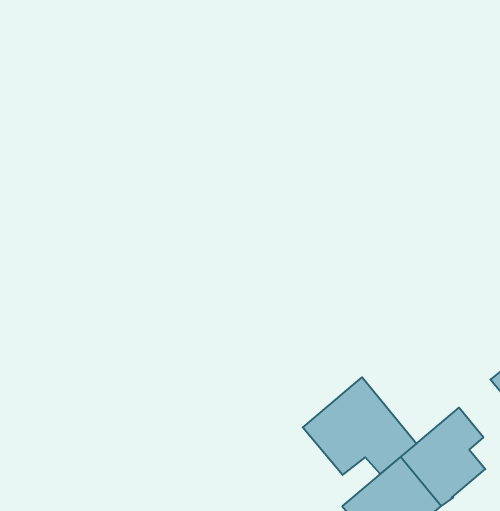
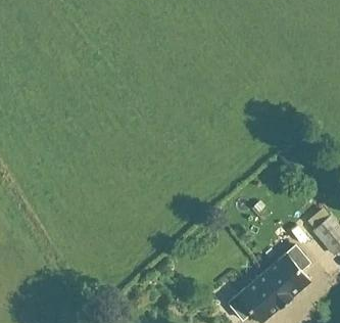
building: [303,377,416,475] -> none

